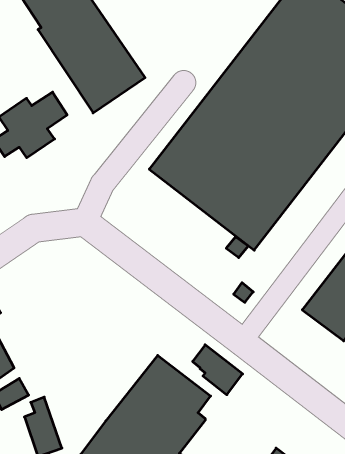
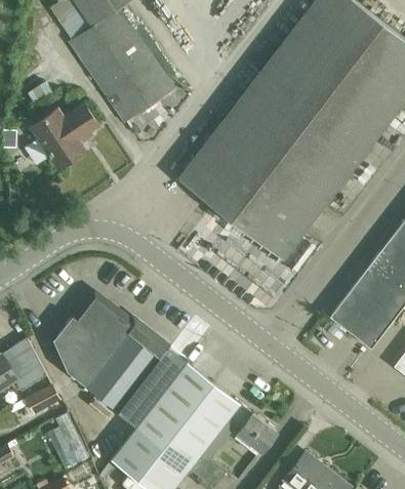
building: none -> [52,292,187,426]
building: [193,345,243,395] -> [227,402,276,451]

